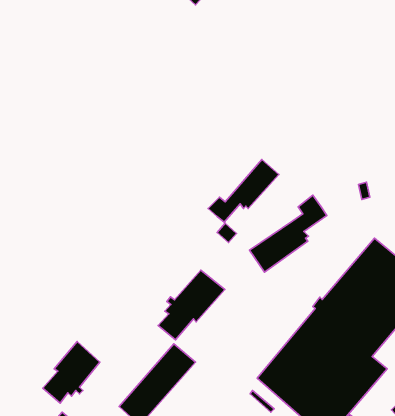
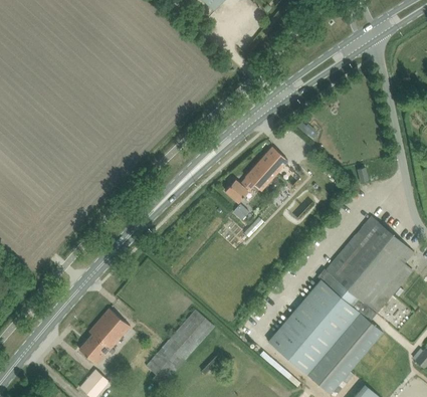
building: [250,195,327,272] -> none
building: [158,270,225,340] -> none

